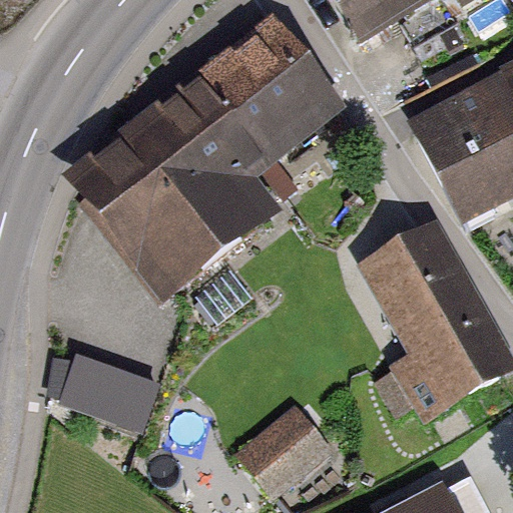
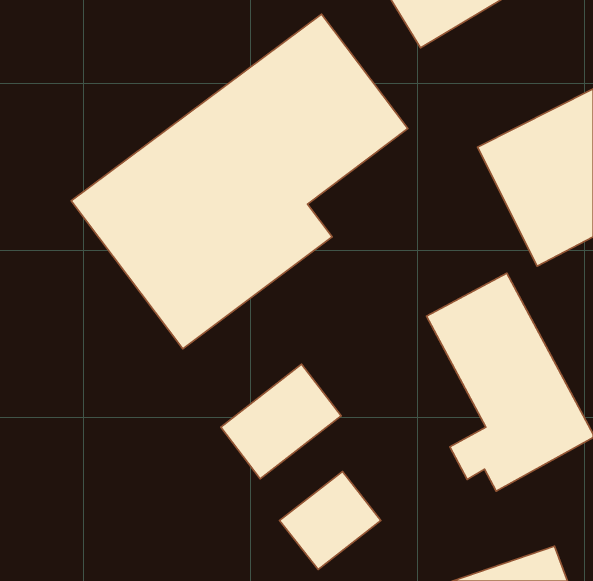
building: none -> [221,364,341,479]
building: [49,344,162,425] -> none

